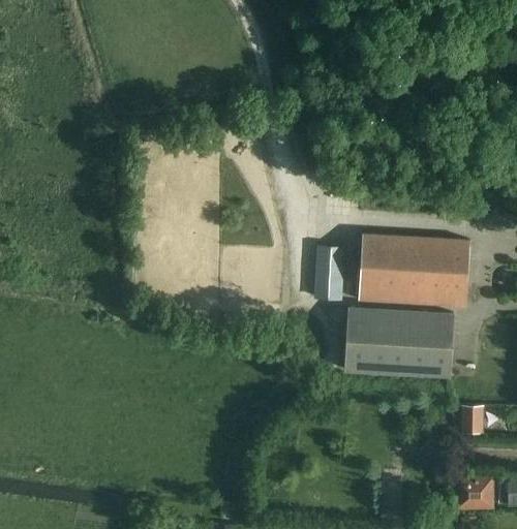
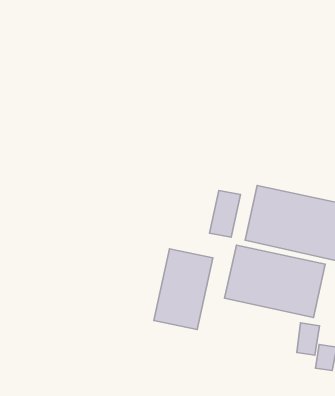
building: none -> [154,249,213,329]
building: none -> [297,323,319,355]

